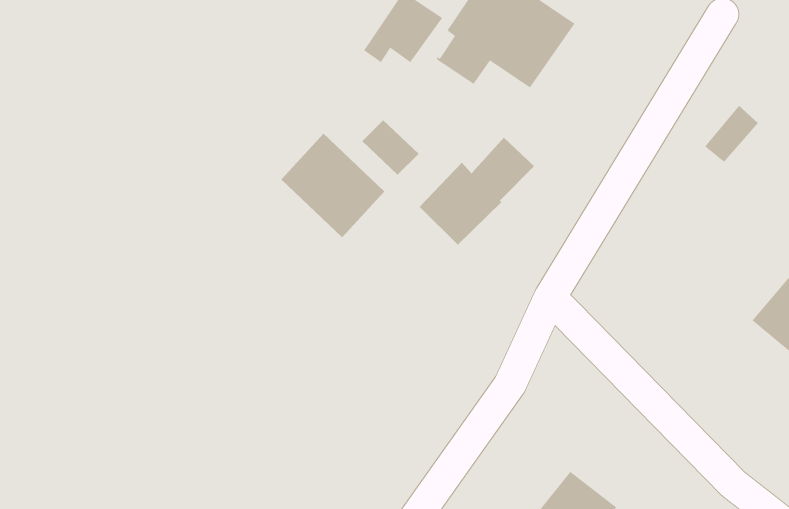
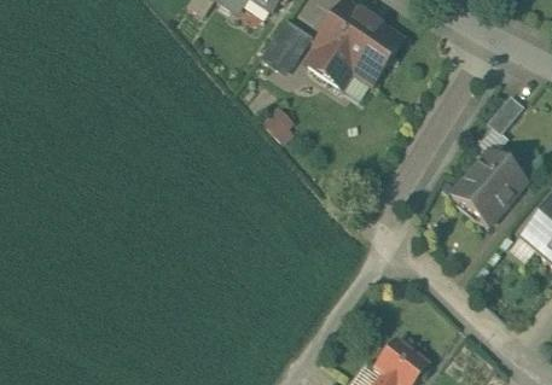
building: [281,133,385,238] -> none
building: [419,137,535,245] -> none
building: none -> [452,148,527,224]

